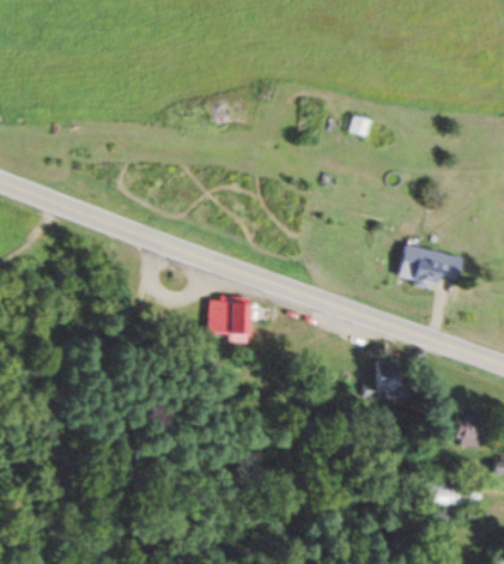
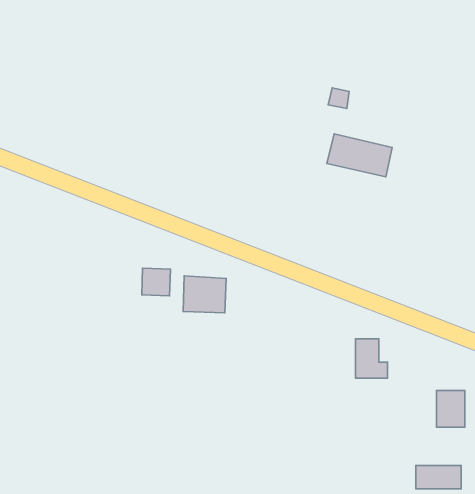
building: [400,244,463,286] -> [327,134,392,177]
building: none -> [142,268,170,296]

